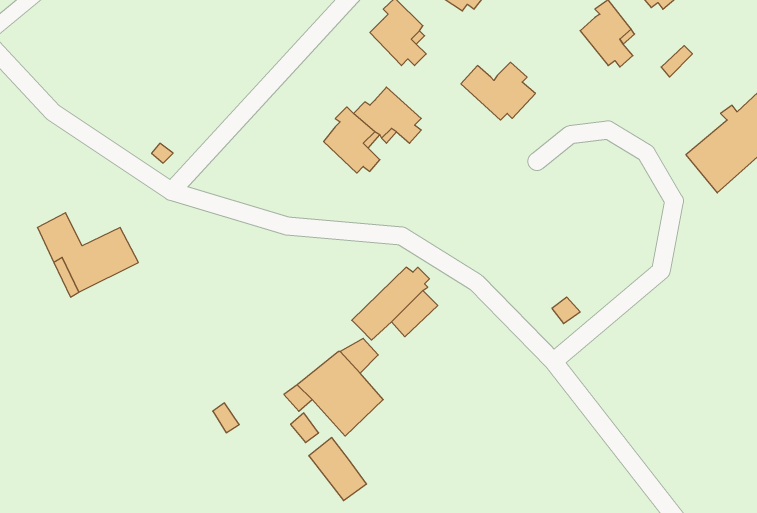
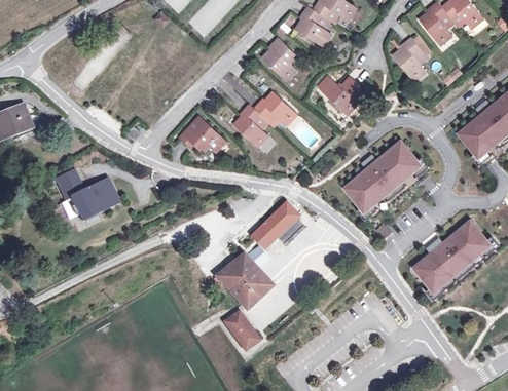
building: none -> [178,115,222,153]
building: none -> [343,141,420,211]
building: none -> [413,220,489,290]

